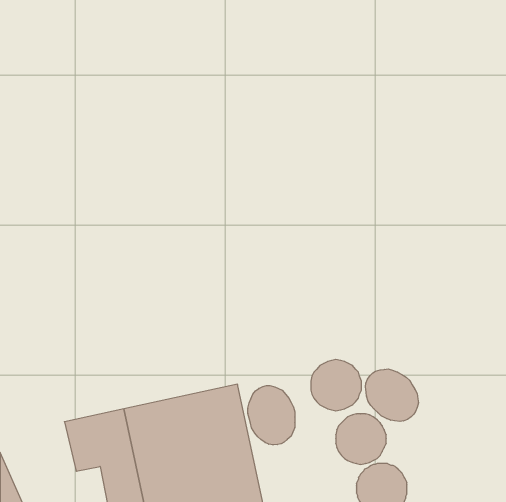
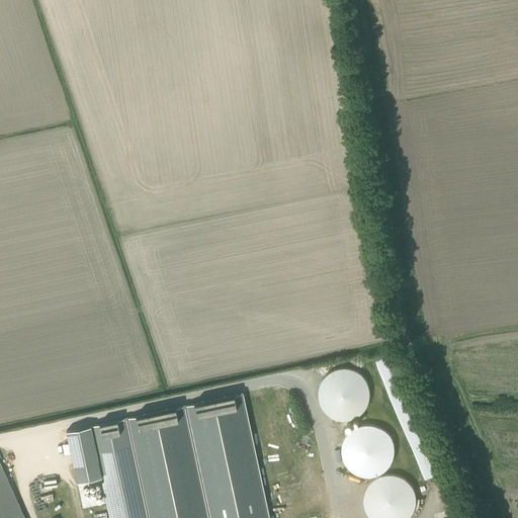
building: [365,369,418,421] -> none
building: [248,386,295,445] -> none

